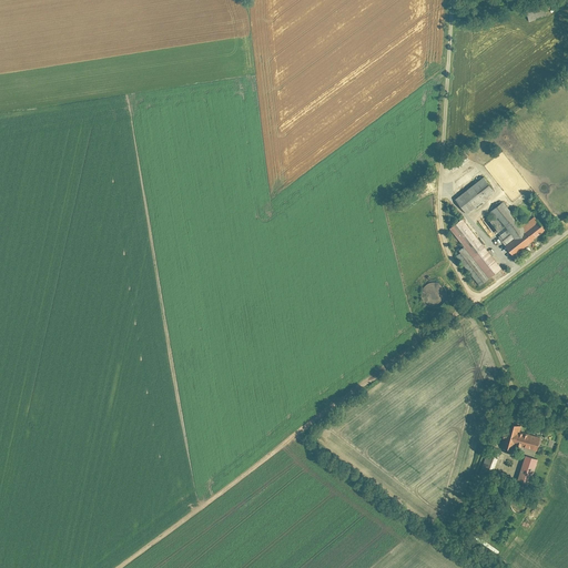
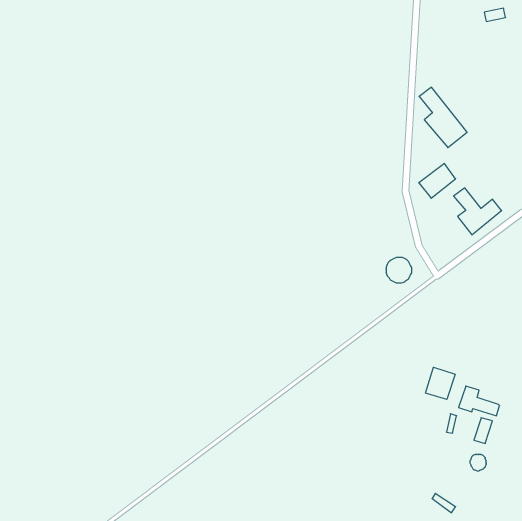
building: [449,220,501,285] -> [419,87,467,148]
building: none -> [425,367,455,399]

